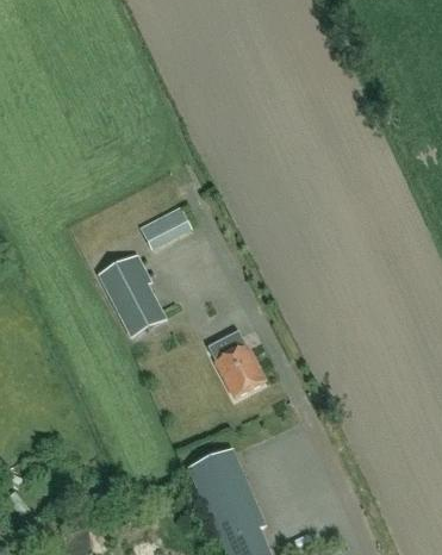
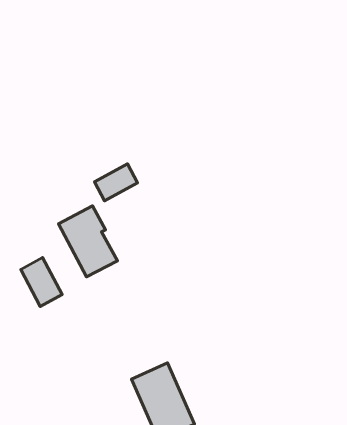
building: none -> [21,258,62,306]
building: [207,332,264,398] -> none

